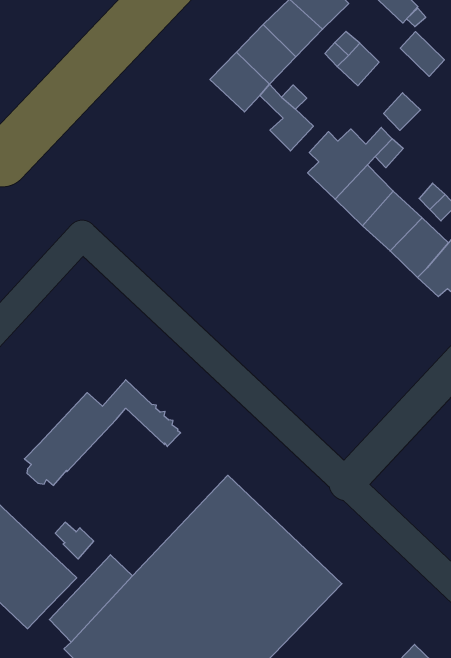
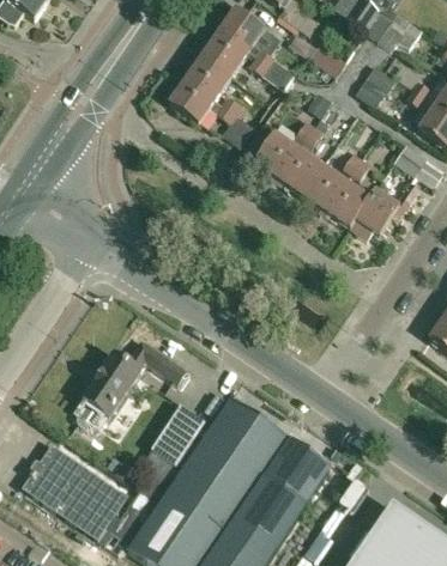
building: none -> [152,404,205,465]

